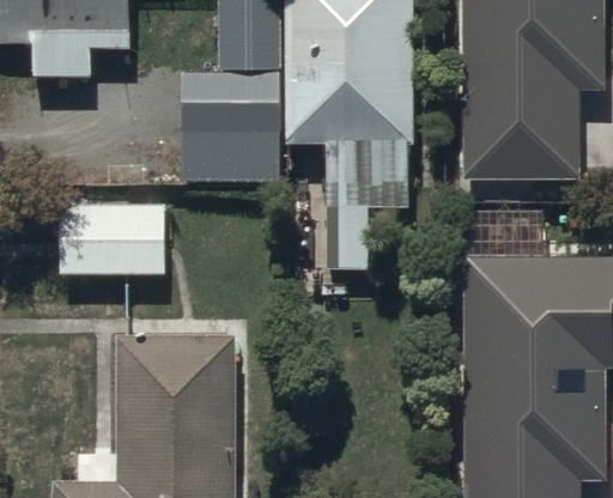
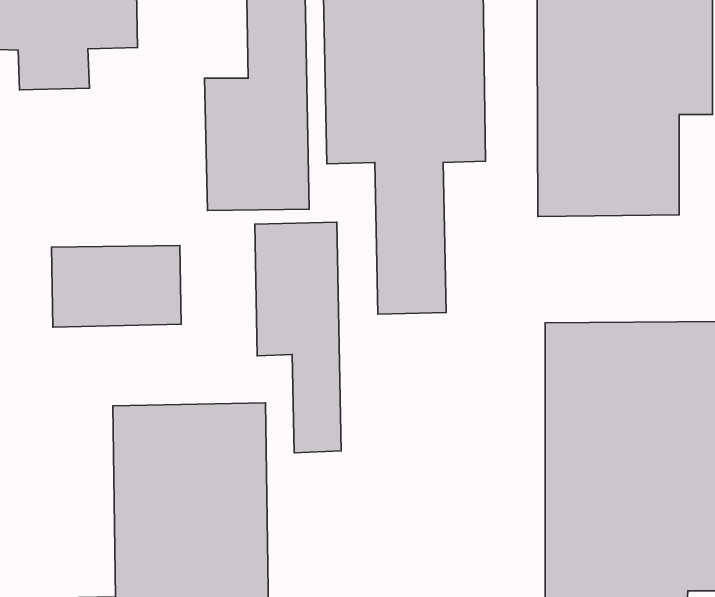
building: none -> [255,222,341,453]

